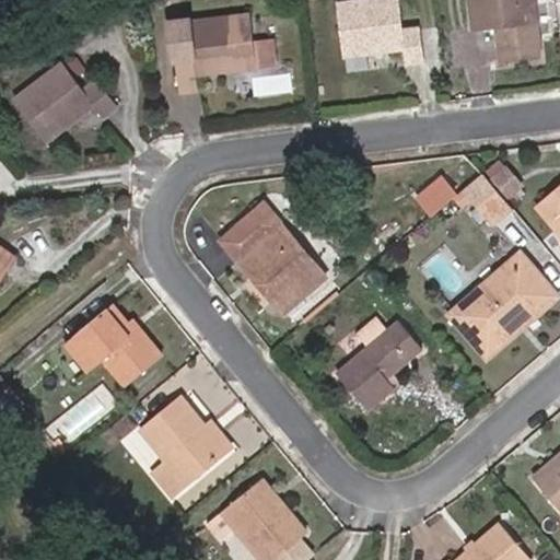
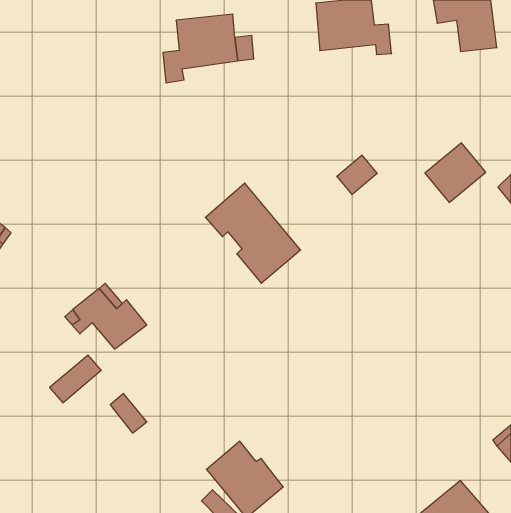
building: [21,60,121,138] -> none
building: [413,174,457,217] -> [337,155,377,195]
building: [447,260,540,349] -> none
building: [337,320,420,405] -> none
building: [142,396,225,495] -> none

